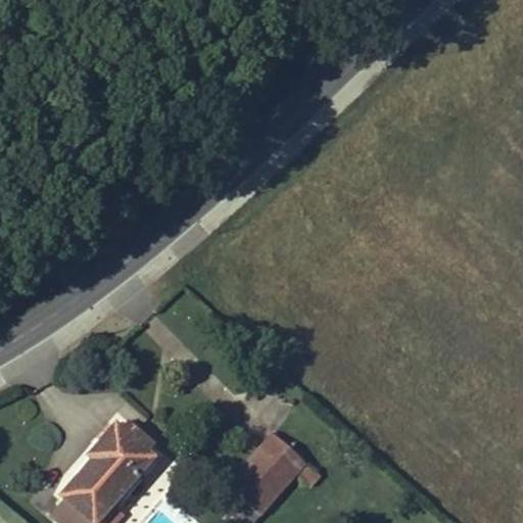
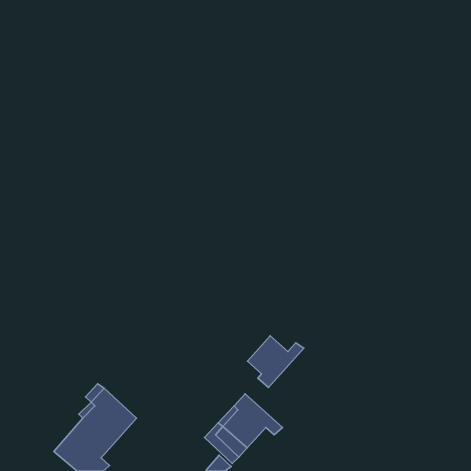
building: none -> [247,336,304,387]

